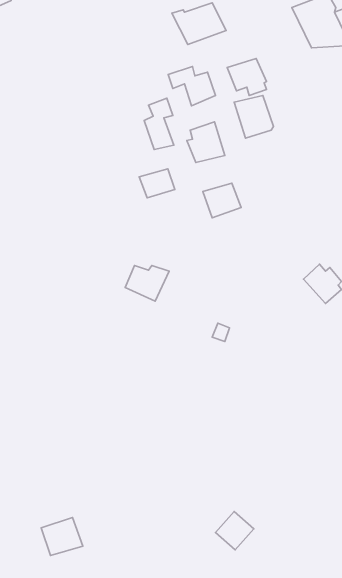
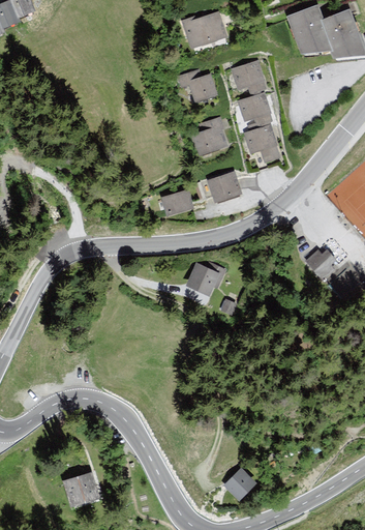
building: [144,98,174,150] -> none
building: none -> [243,125,279,164]
building: [139,169,175,198] -> [163,189,195,215]
building: [125,265,169,301] -> [185,265,224,297]

